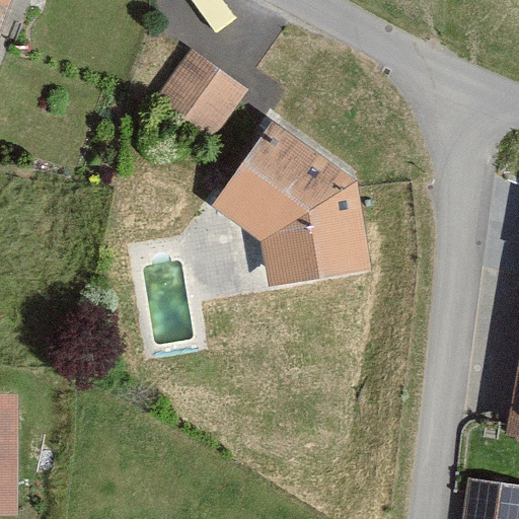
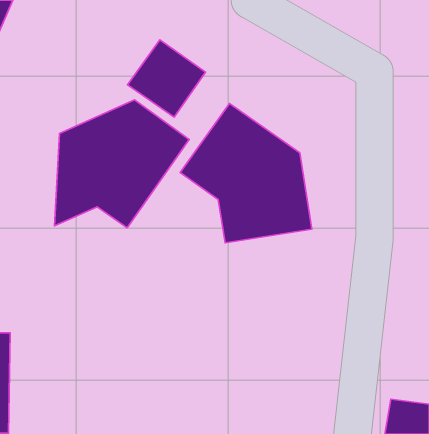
building: none -> [55,100,189,228]

